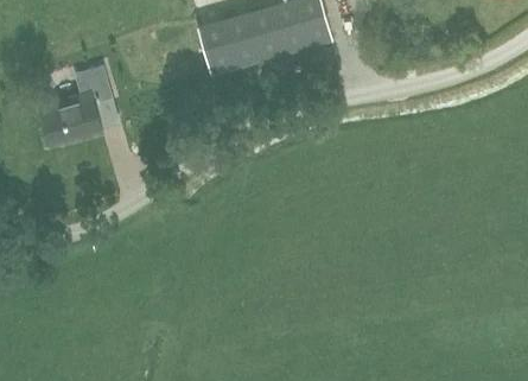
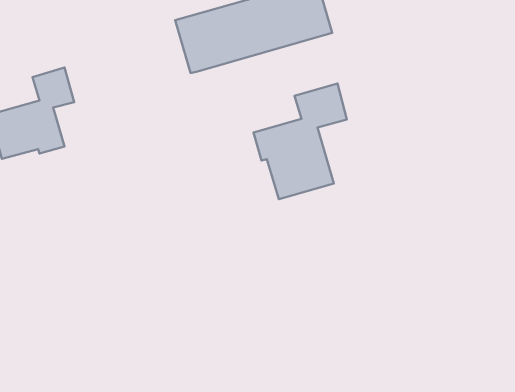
building: none -> [253,83,347,199]

